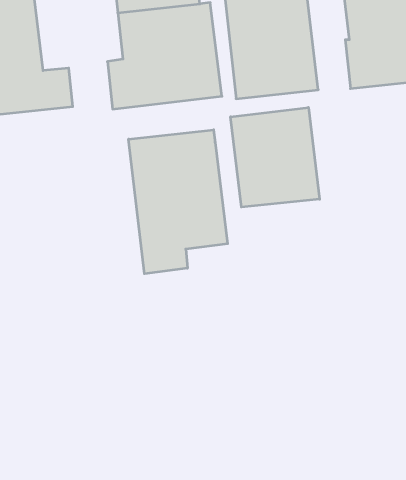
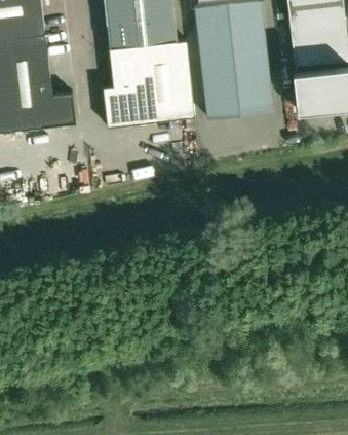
building: [231,107,320,207] -> none
building: [129,130,228,274] -> none

